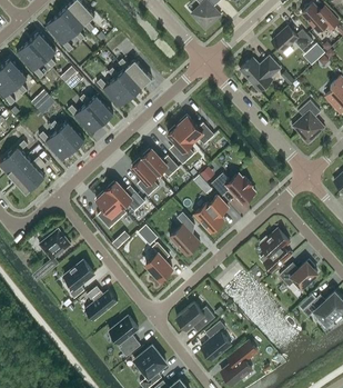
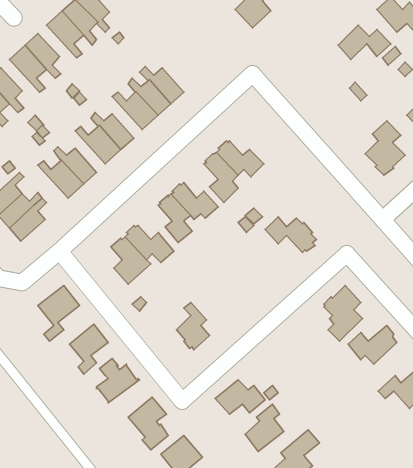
building: [240,56,281,90] -> none
building: [194,196,228,232] -> none
building: [170,211,200,255] -> none

